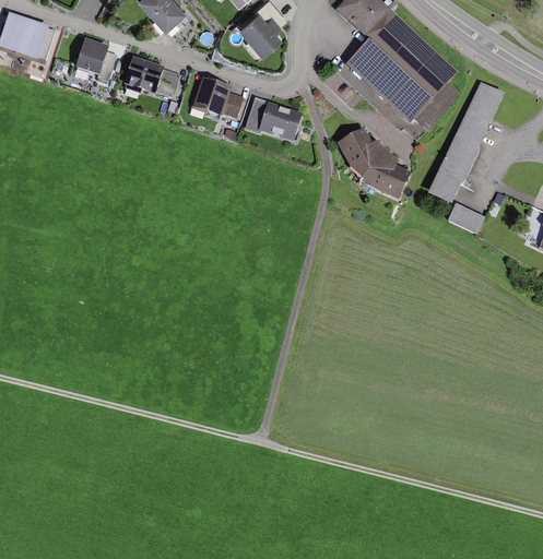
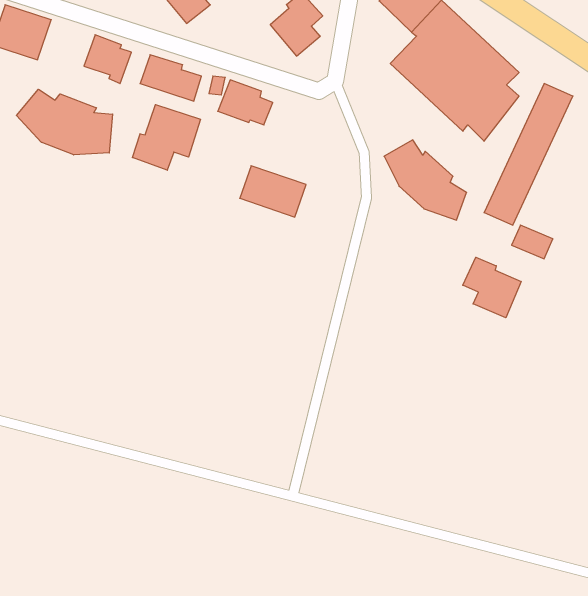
building: none -> [16,89,113,155]
building: [245,97,303,142] -> [240,166,306,217]
building: none -> [132,105,201,170]
building: none -> [463,257,521,318]

